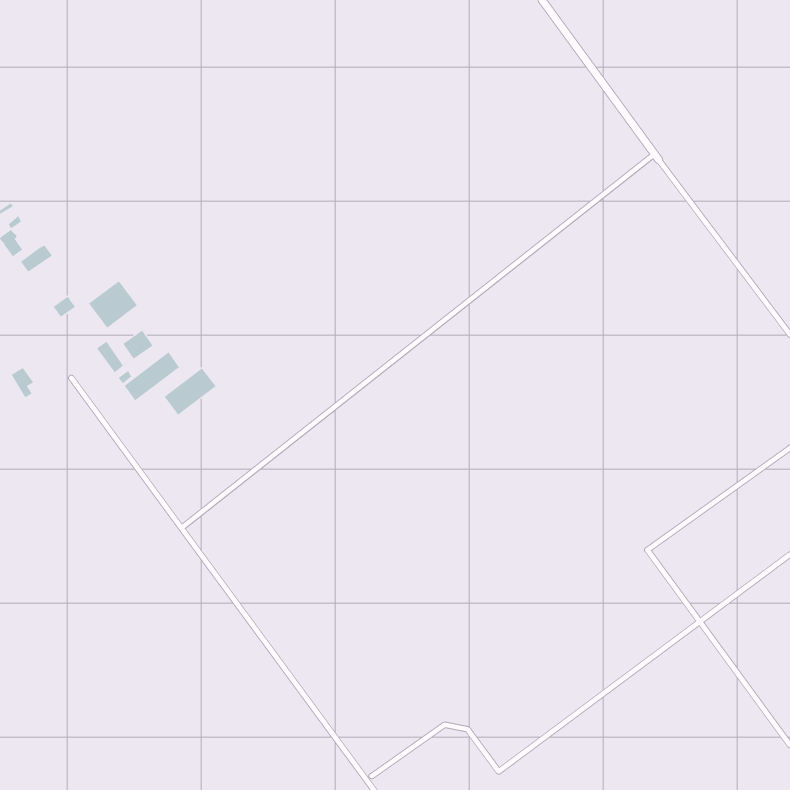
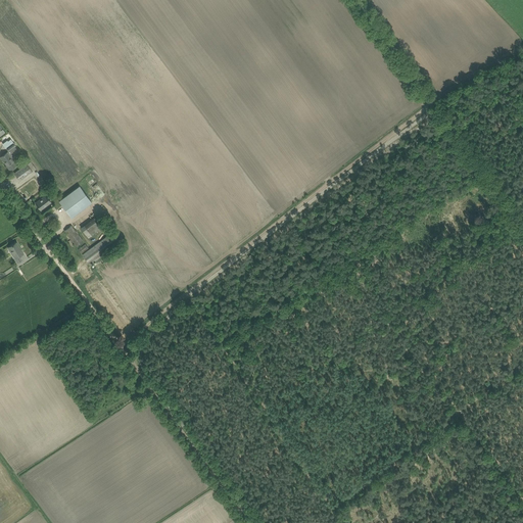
building: [164,367,217,416] -> none

